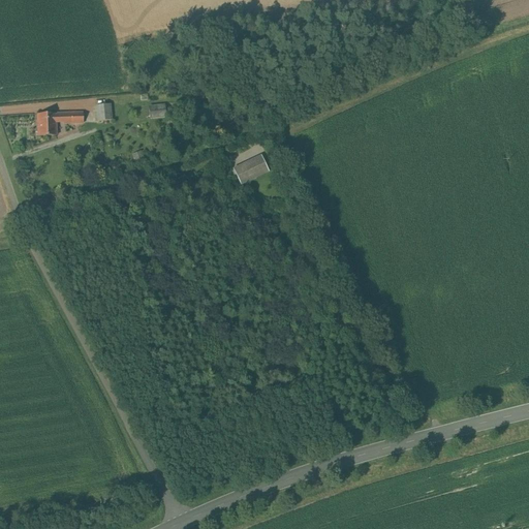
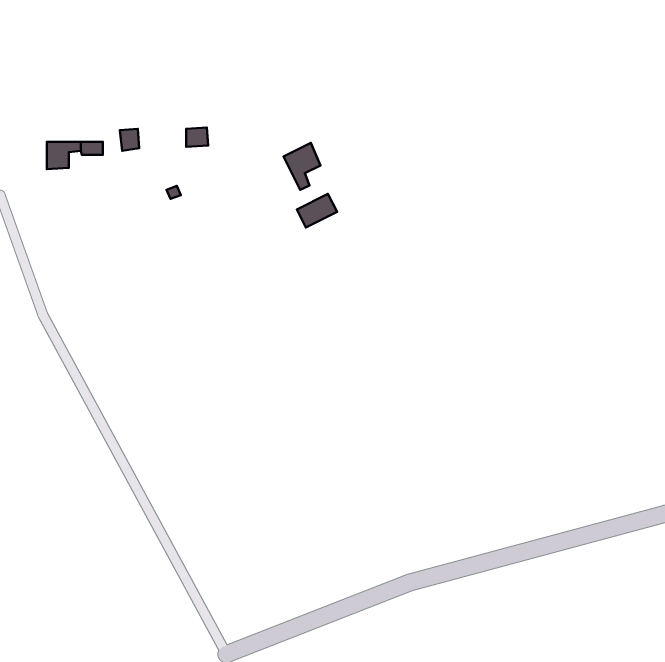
building: none -> [283,143,320,190]

